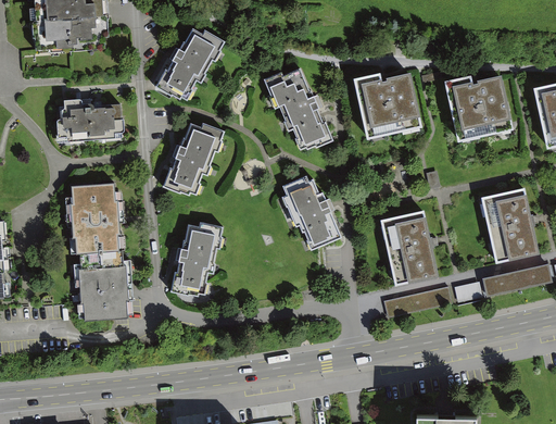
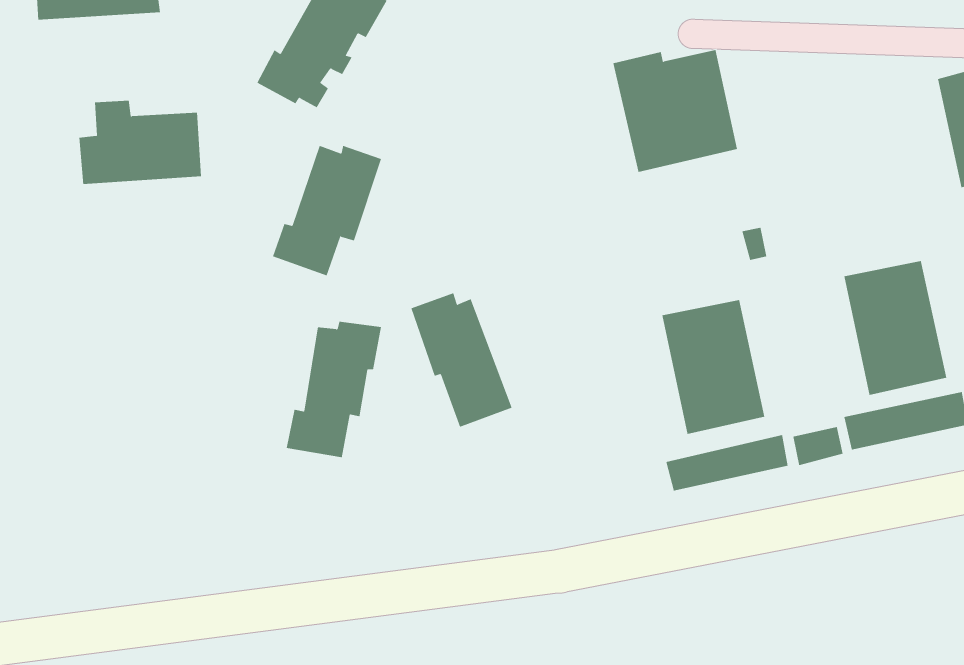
building: [264,67,332,150] -> none
building: [444,72,513,140] -> none
building: [282,176,339,251] -> [411,293,512,427]
building: [70,185,125,322] -> none

